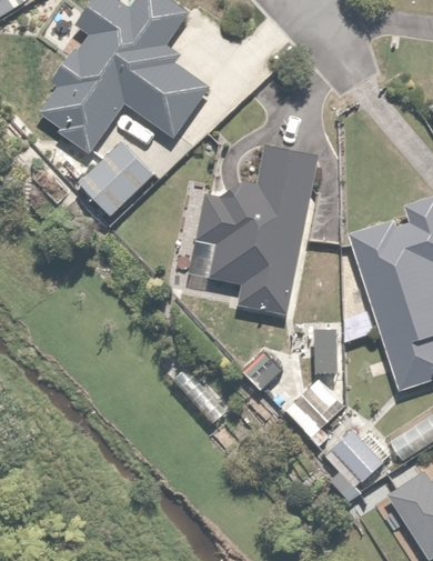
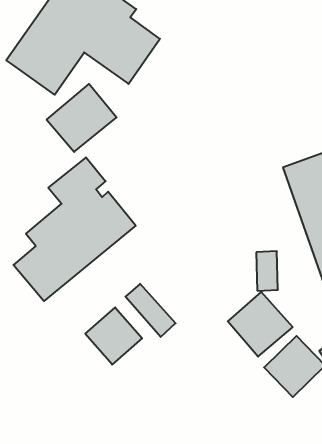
building: [193,147,316,311] -> none
building: none -> [13,157,136,301]
building: none -> [85,307,142,365]

